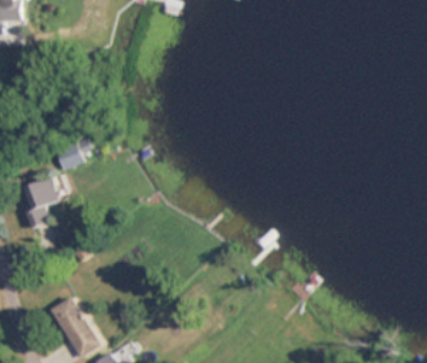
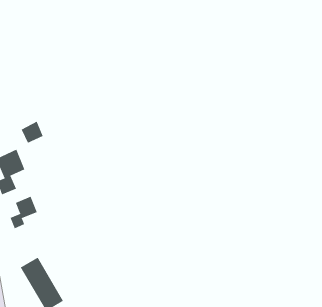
building: none -> [10,196,38,229]

